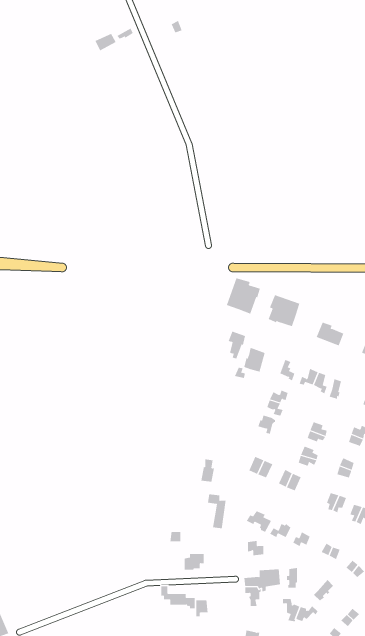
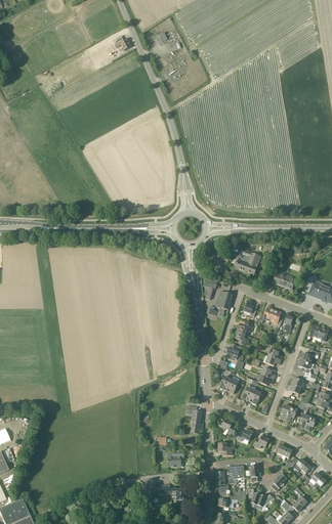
building: [226,277,260,314] -> none

